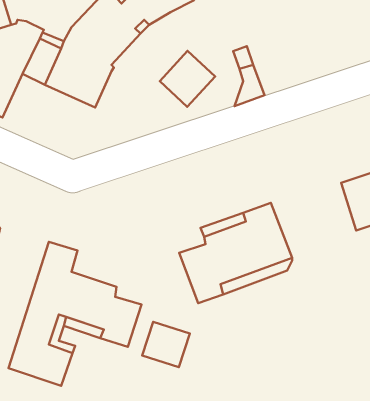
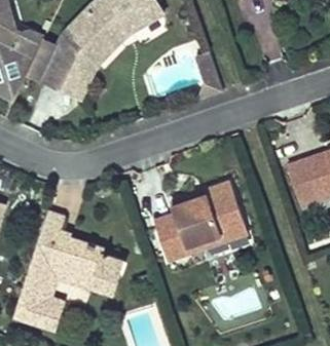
building: [160,51,215,107] -> none
building: [142,322,190,367] -> none

